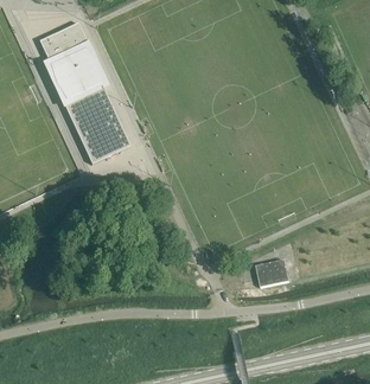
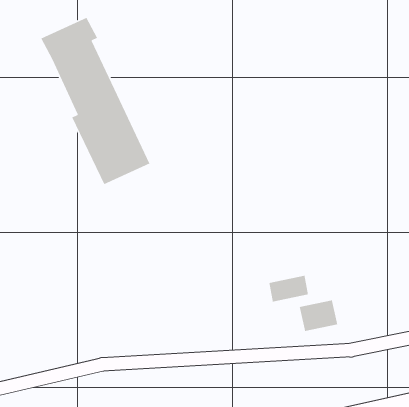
building: none -> [268,275,309,303]

